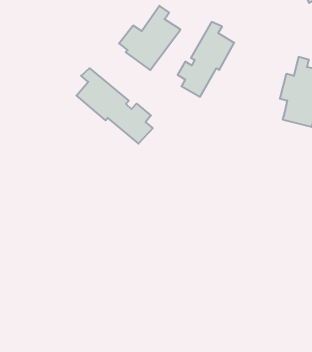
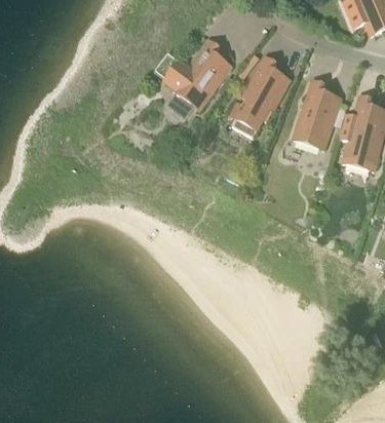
building: none -> [294,79,342,150]
building: [76,68,153,144] -> none

